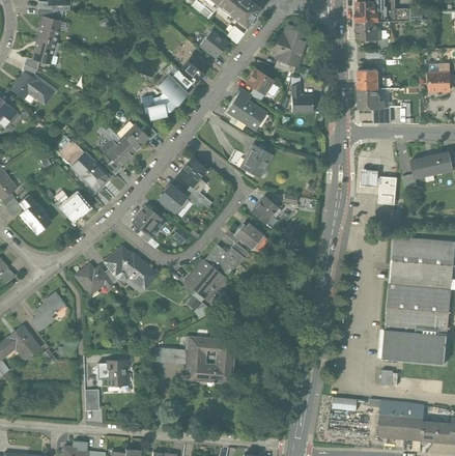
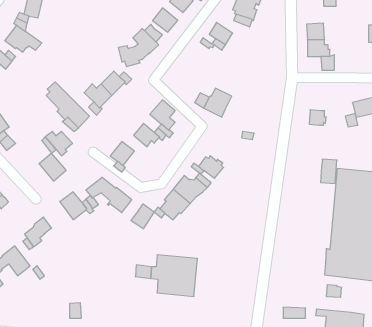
building: [291,85,312,112] -> none
building: [225,94,266,131] -> none
building: [378,176,397,204] -> [321,159,337,184]
building: [251,196,281,223] -> none
building: [20,201,51,233] -> [39,153,66,181]
building: none -> [131,204,154,229]
building: [97,360,129,384] -> none

